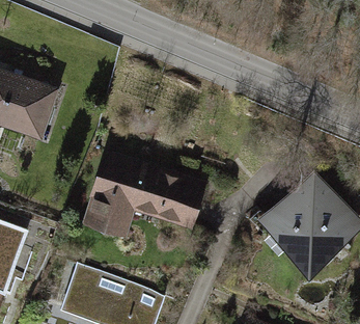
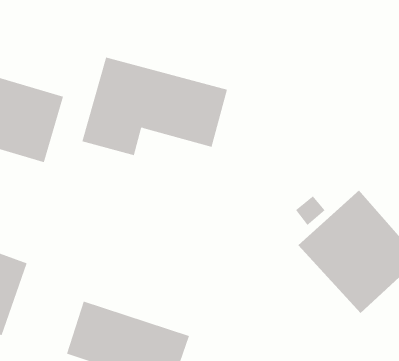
building: [82,151,207,236] -> [81,57,228,156]

